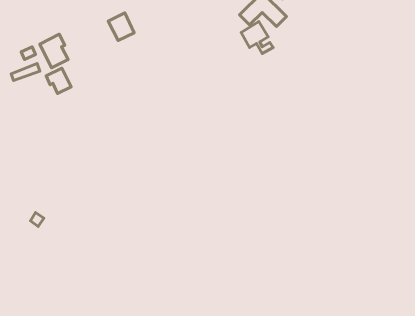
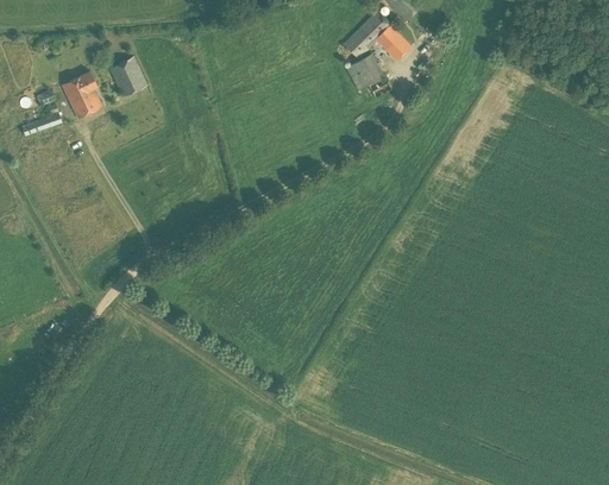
building: [108,13,134,41] -> [108,56,145,95]
building: [46,68,71,93] -> none

